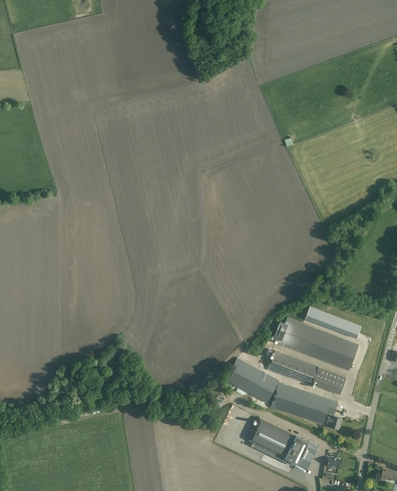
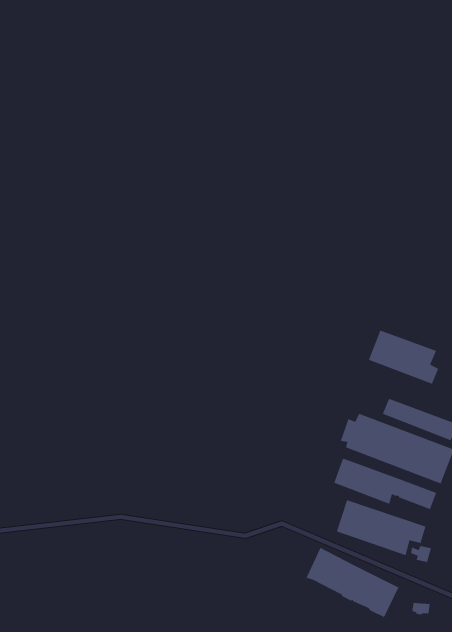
building: none -> [368,329,439,385]
building: [226,358,279,403] -> none

